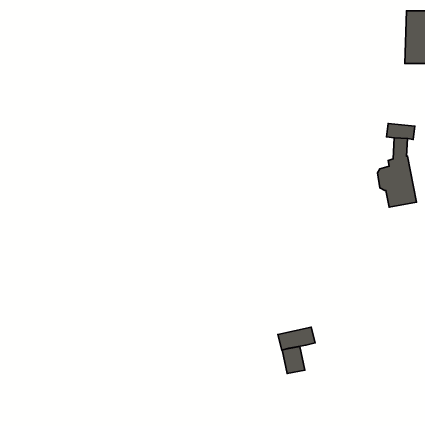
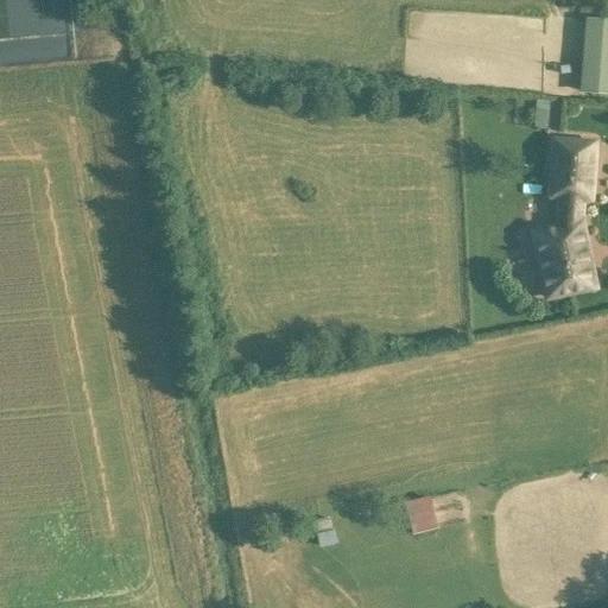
building: none -> [555,140,595,179]
building: [278,327,315,350] -> none

